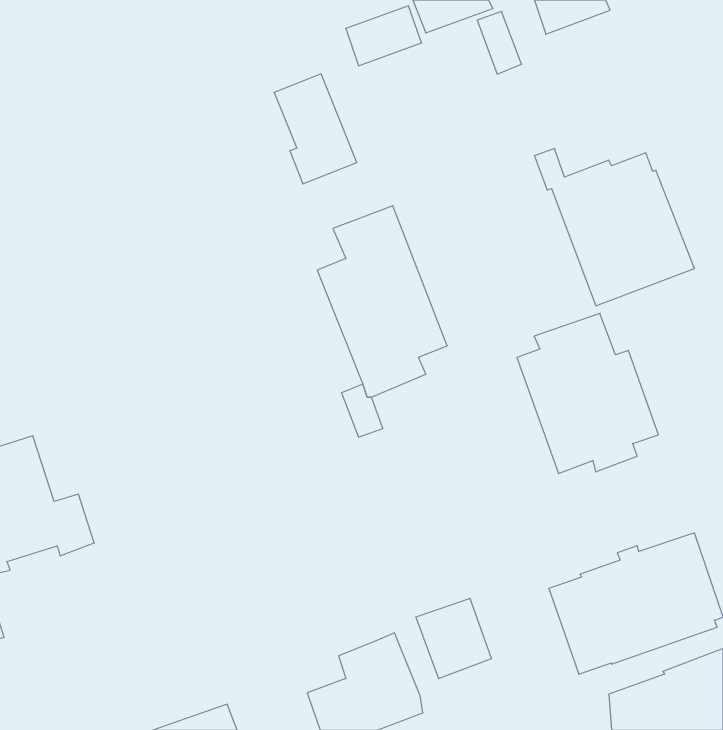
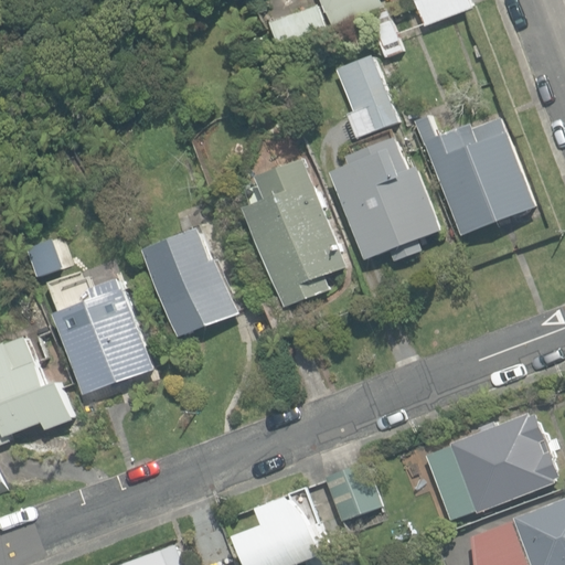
building: [274,74,357,184] -> [333,54,397,139]
building: none -> [145,228,239,337]
building: [517,313,658,473] -> [330,138,439,262]
building: none -> [53,278,153,395]

